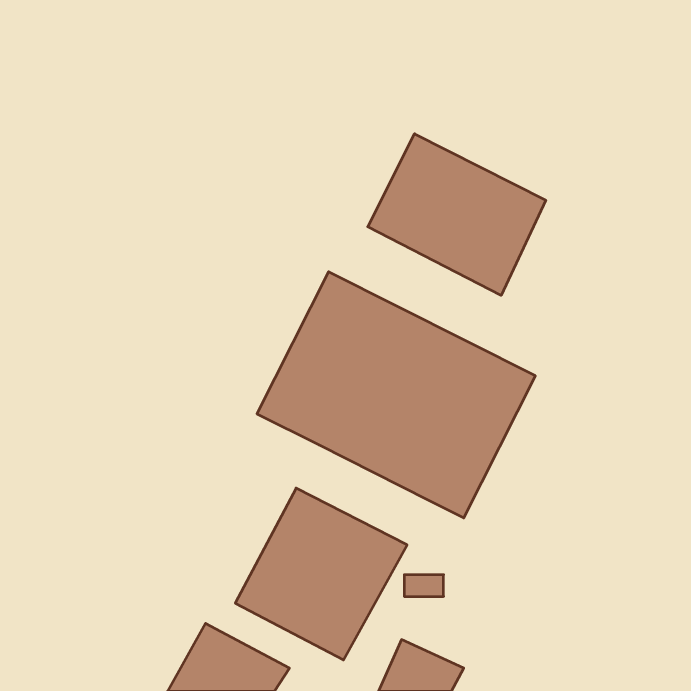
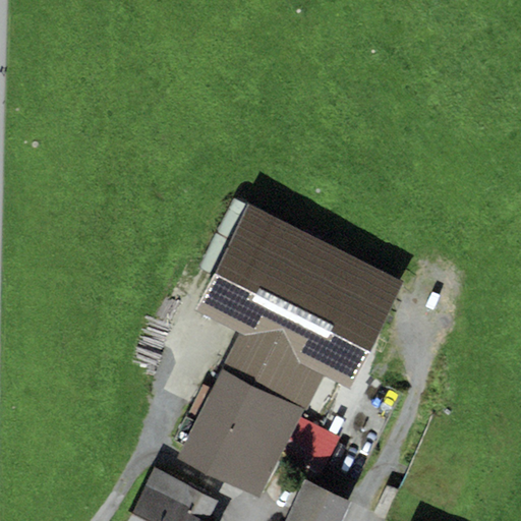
building: [368,134,546,295] -> none
building: none -> [223,335,323,410]

